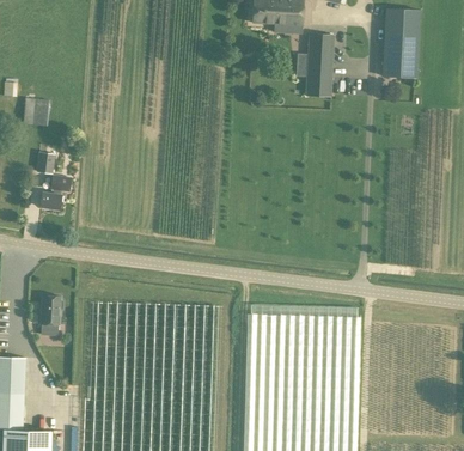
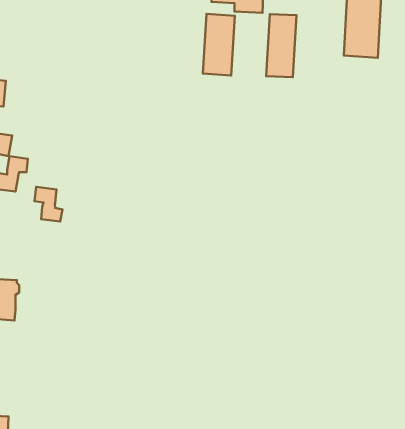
building: none -> [203,14,235,76]
building: none -> [35,187,62,222]

